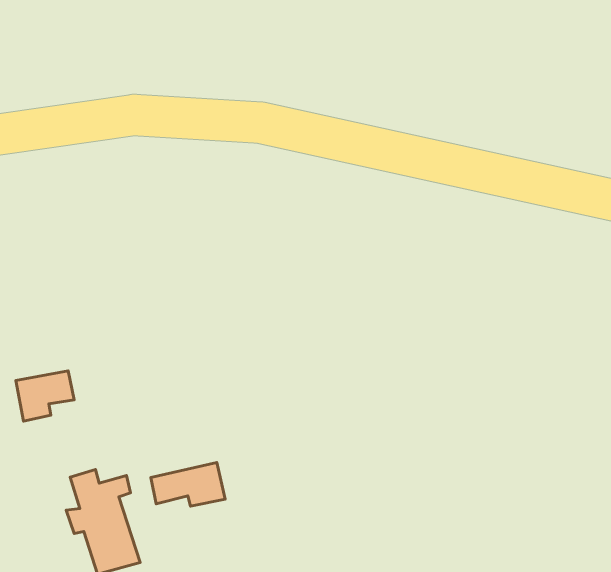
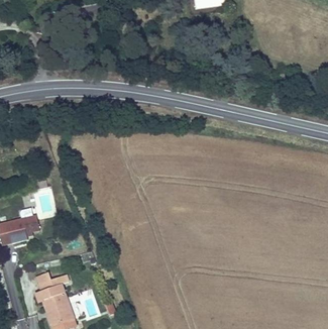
building: [151,463,225,506] -> none

